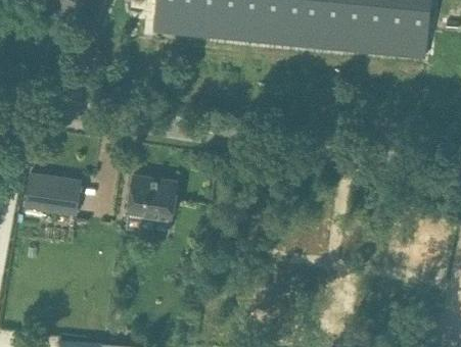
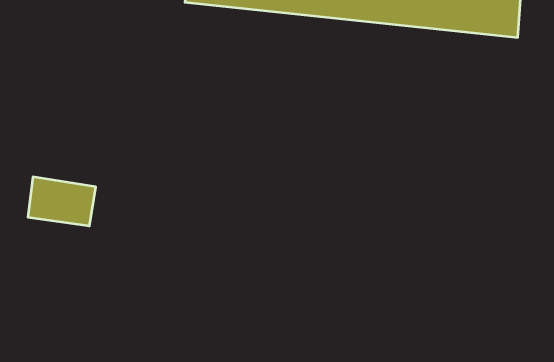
building: [128,172,177,215] -> none

